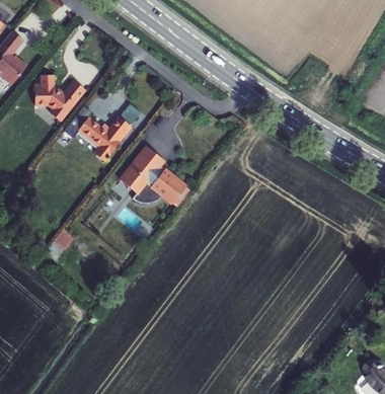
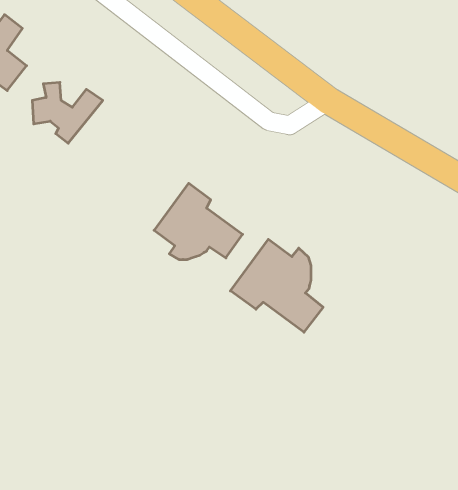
building: [78,115,132,160] -> none
building: none -> [230,239,323,332]

